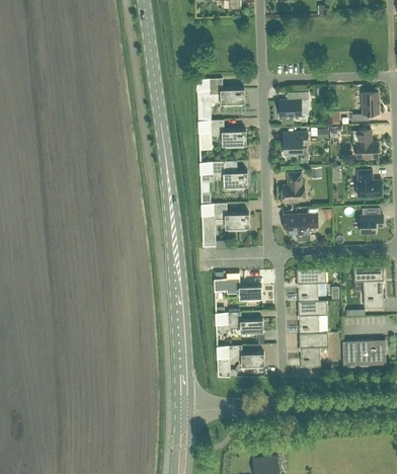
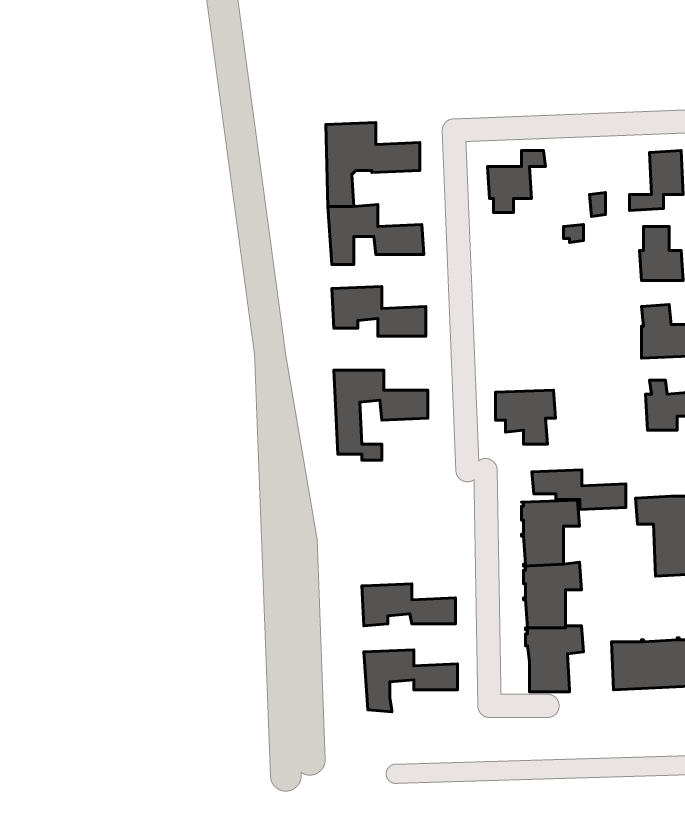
building: [284,132,308,156] -> none
building: [283,172,306,201] -> none
building: [215,278,262,298] -> [532,470,626,510]

